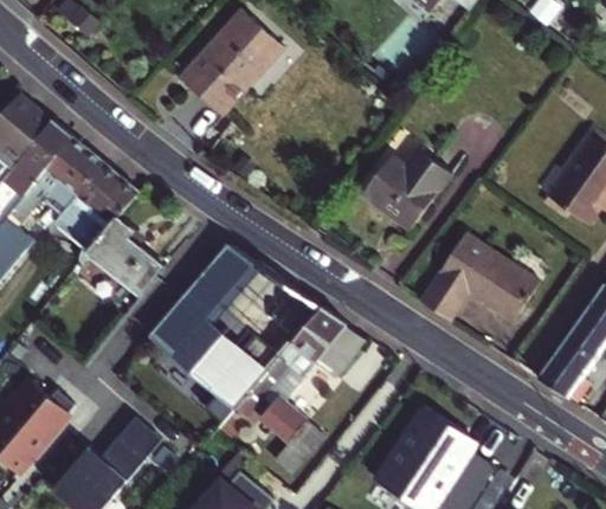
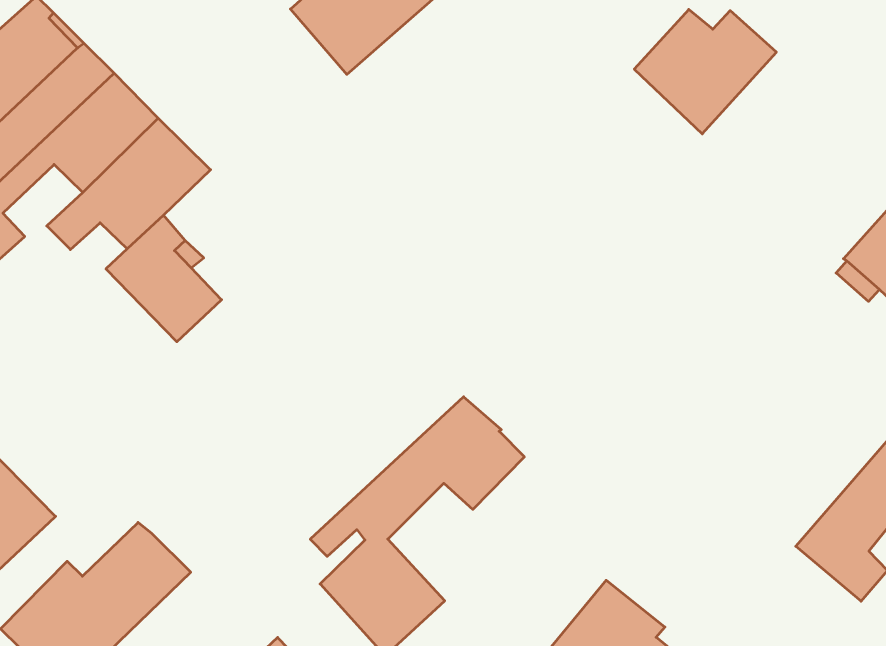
building: [363,150,451,230] -> [634,9,776,134]
building: [421,233,540,322] -> none
building: [147,246,320,425] -> none

